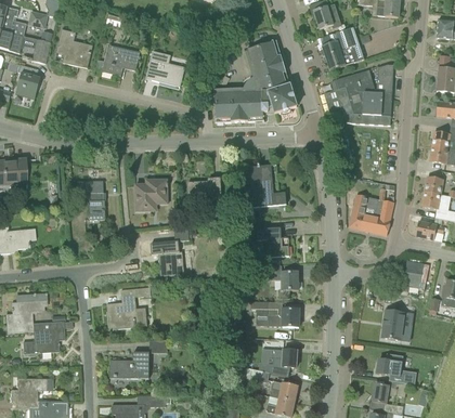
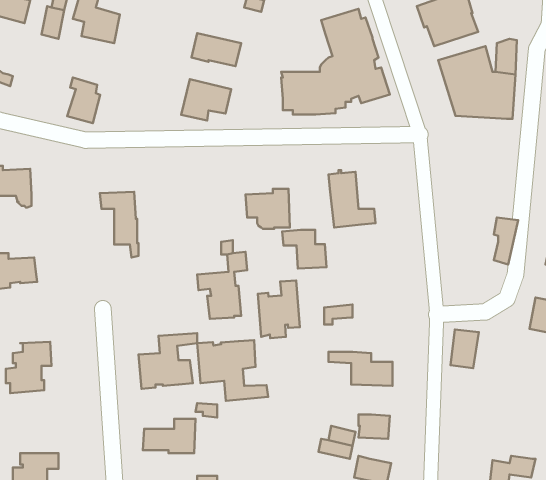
building: [102,44,140,76] -> [181,79,231,121]
building: [15,64,40,99] -> [67,78,100,123]
building: [134,179,168,210] -> none
building: [349,194,379,232] -> none
building: [256,227,289,257] -> [282,230,326,269]
building: none -> [258,280,300,338]
building: [275,271,299,298] -> none
building: none -> [197,340,268,401]
building: [381,309,403,338] -> [450,329,479,368]
building: [23,321,64,353] -> none
building: [377,353,406,382] -> none

